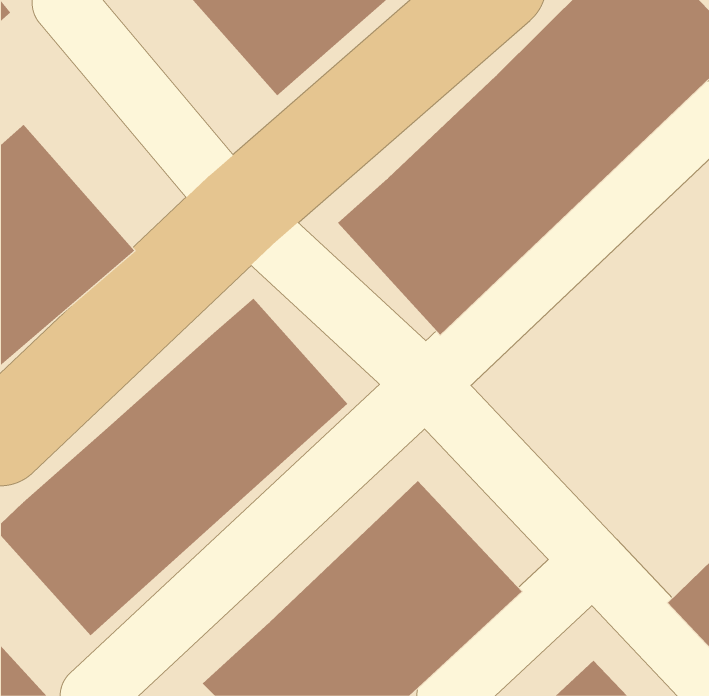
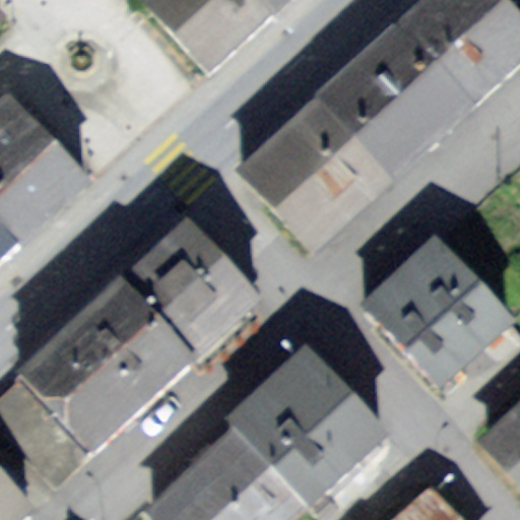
building: none -> [365,238,506,380]

